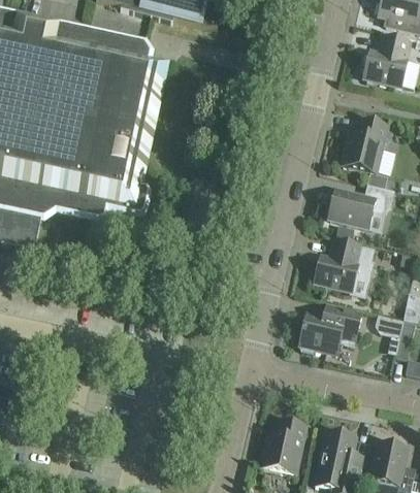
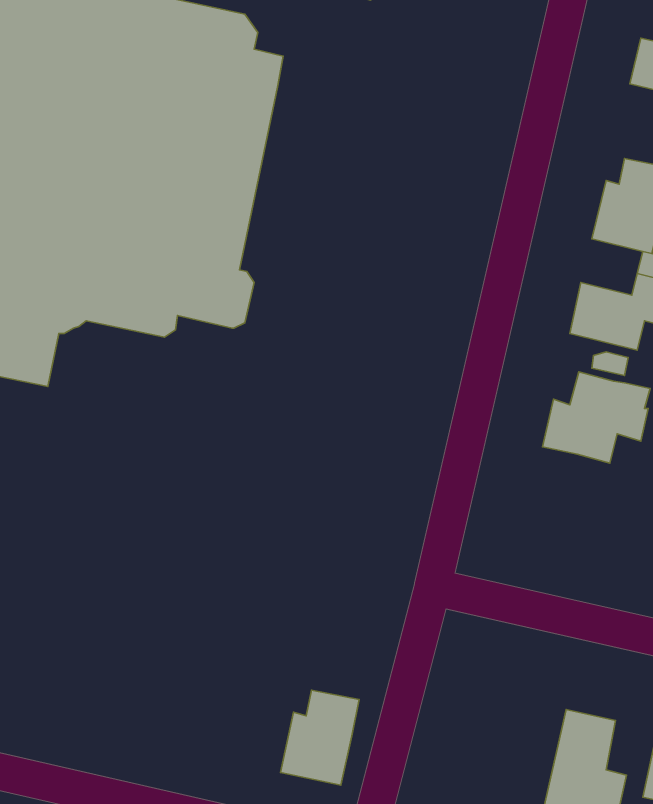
building: [298,306,361,352] -> none
building: [261,419,305,472] -> [281,690,359,785]

